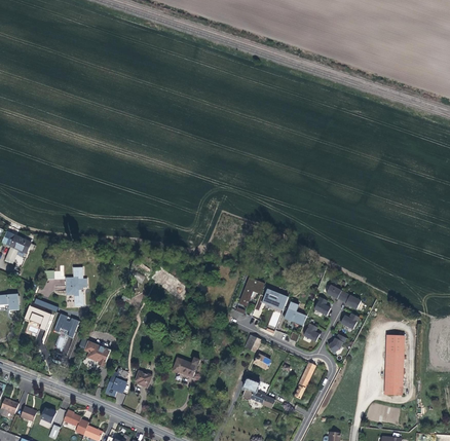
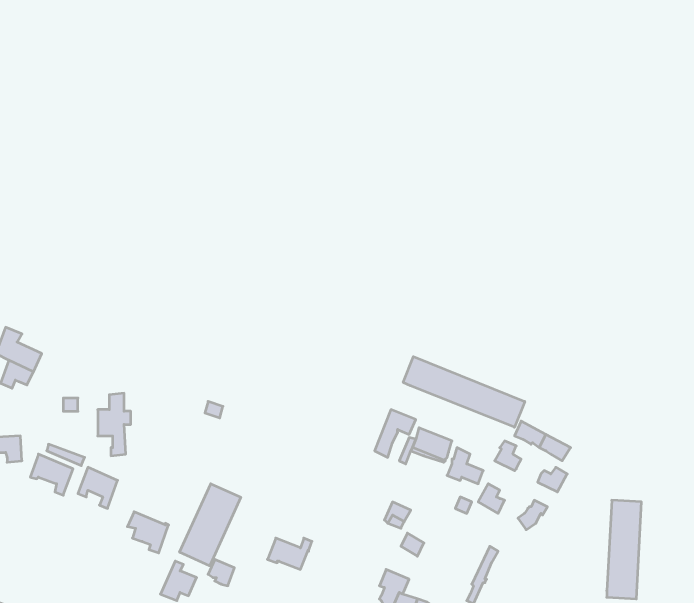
building: none -> [403,357,525,427]
building: none -> [180,484,241,566]

